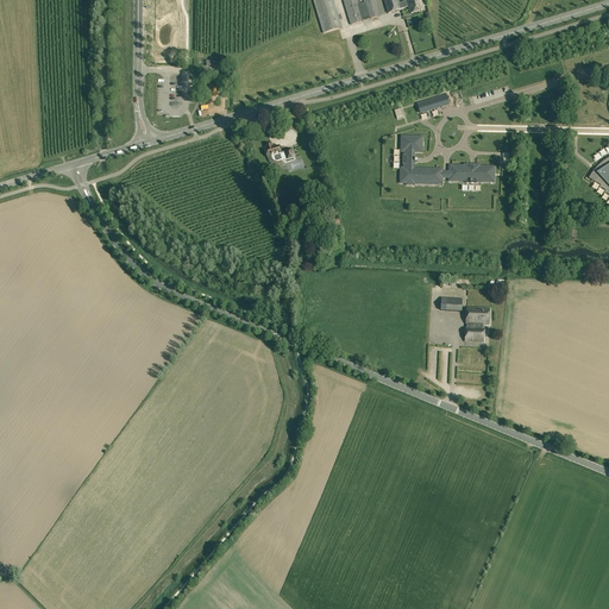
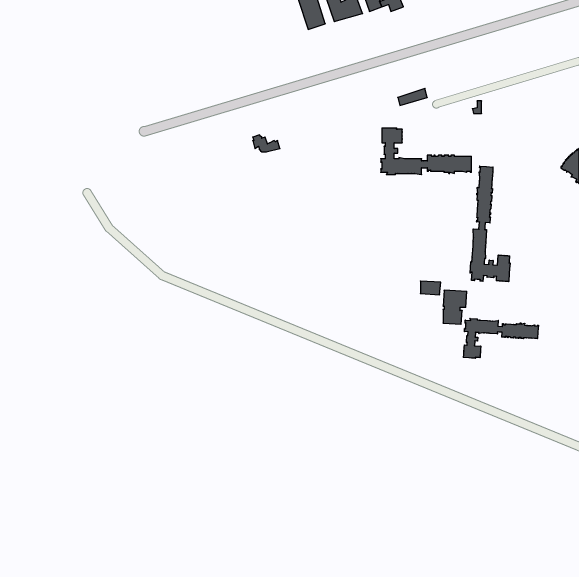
building: none -> [470,166,510,282]
building: none -> [463,318,538,358]

